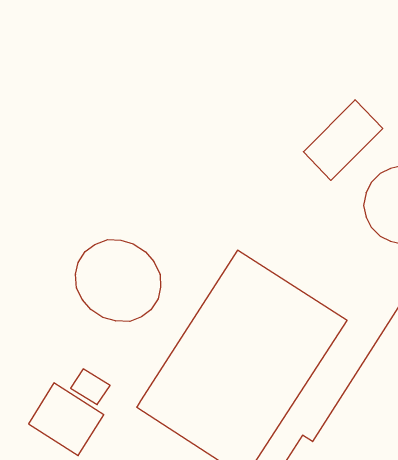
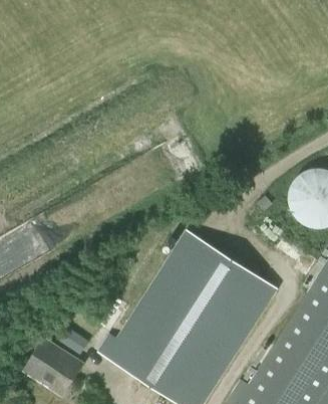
building: [303,100,383,180] -> none
building: [76,240,161,321] -> none

